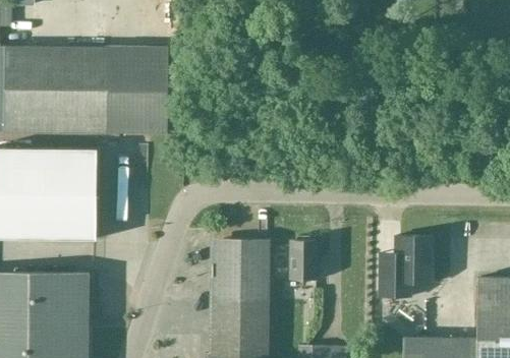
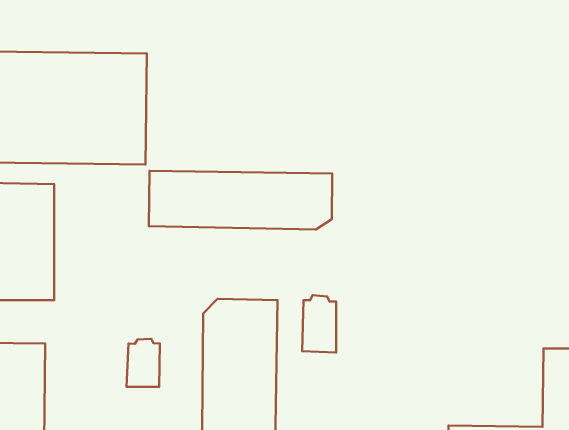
building: none -> [149,171,332,230]
building: [379,236,432,297] -> none
building: none -> [126,339,160,387]

